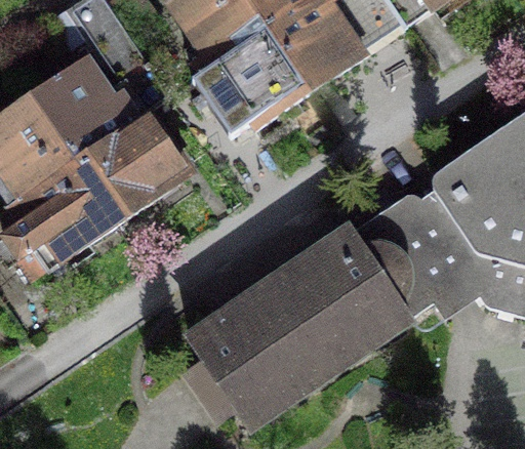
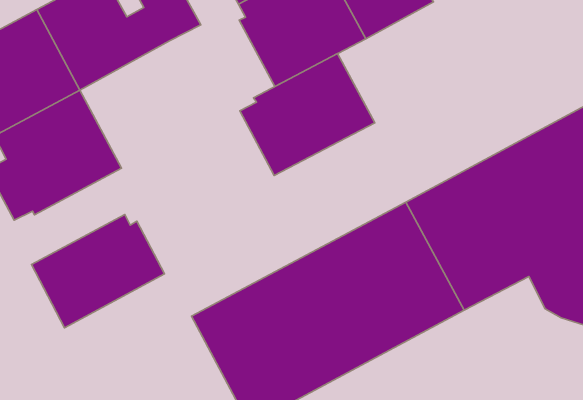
building: none -> [240,54,375,176]
building: [75,112,188,222] -> none
building: none -> [31,215,164,328]

